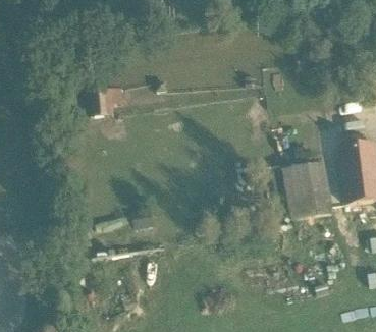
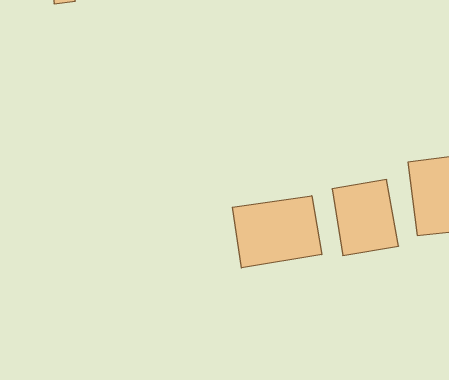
building: none -> [232,196,322,268]

